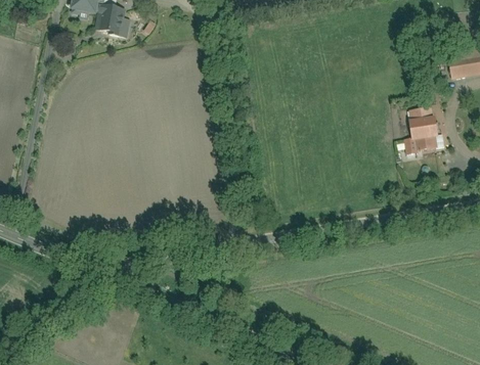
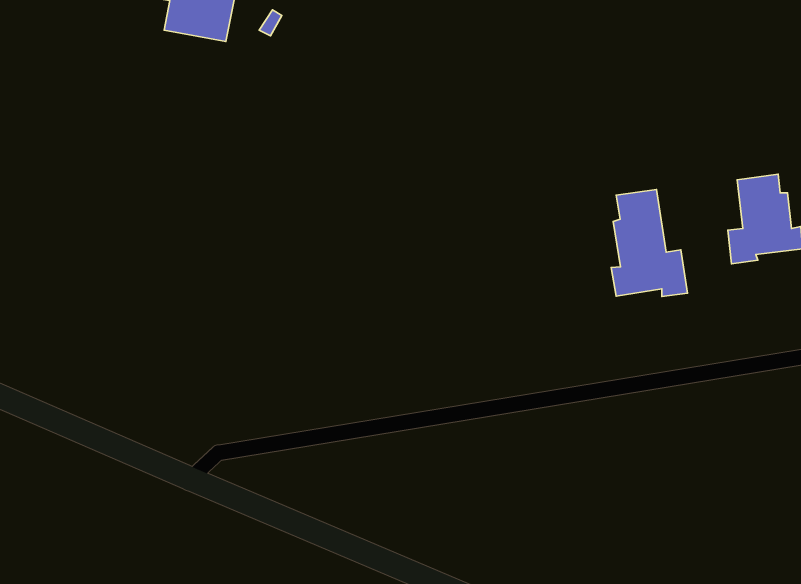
building: none -> [611,190,688,297]

